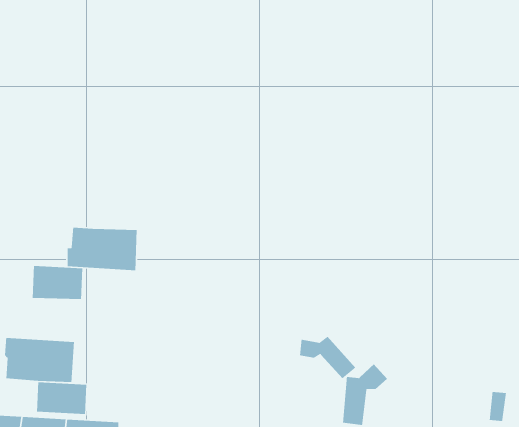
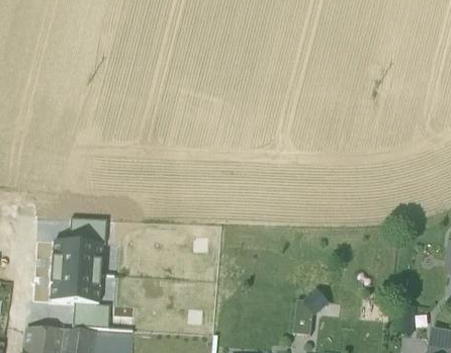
building: [67,227,137,271] -> [50,240,101,272]
building: [299,336,356,379] -> none

